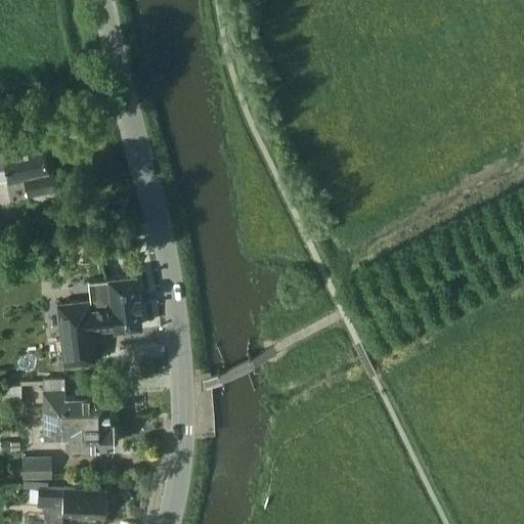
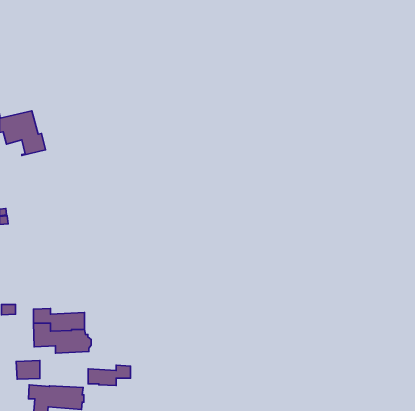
building: [55,278,139,369] -> none
building: none -> [88,365,130,385]

